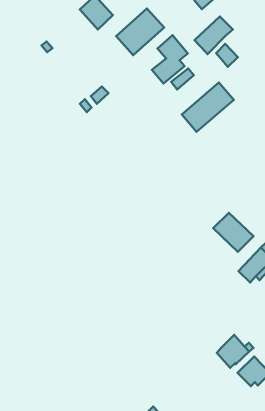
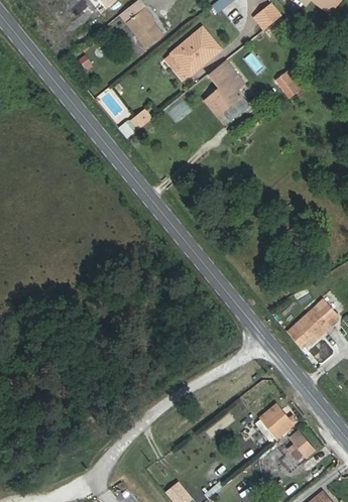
building: [194,16,233,54] -> none
building: [182,83,234,132] -> none
building: [213,213,254,252] -> none

